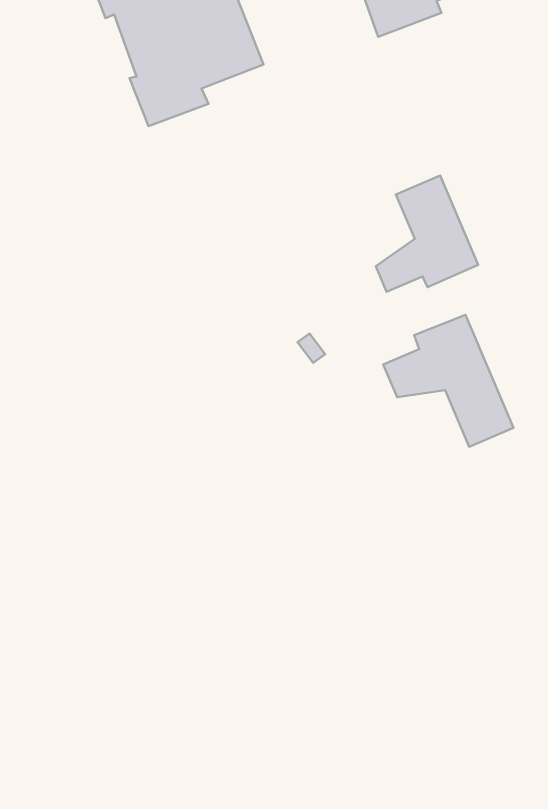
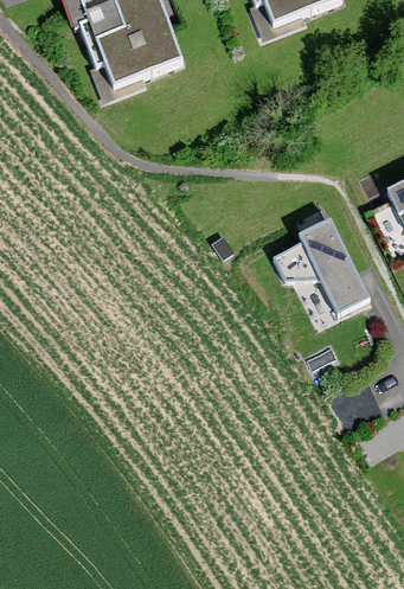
building: [376,176,478,292] -> none

